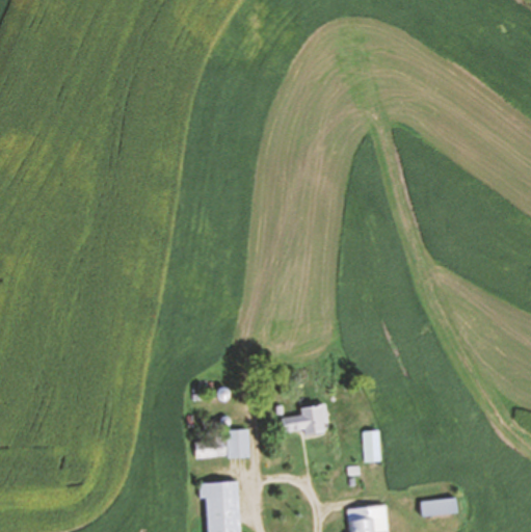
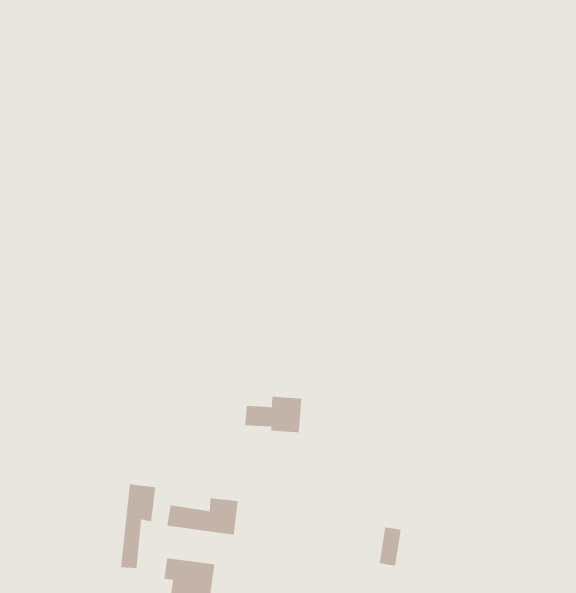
building: [282,405,326,434] -> [244,396,302,433]
building: none -> [120,484,156,569]

